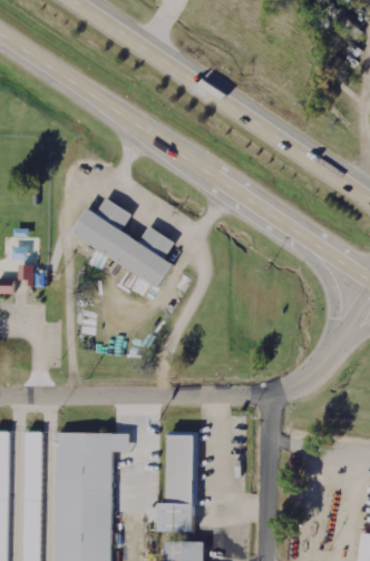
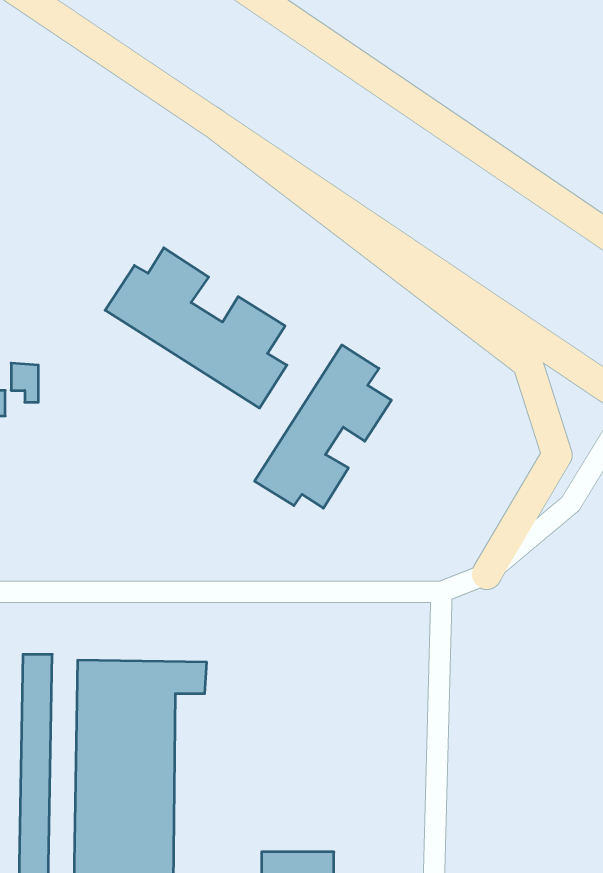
building: none -> [255,345,391,508]
building: [163,433,197,533] -> none

